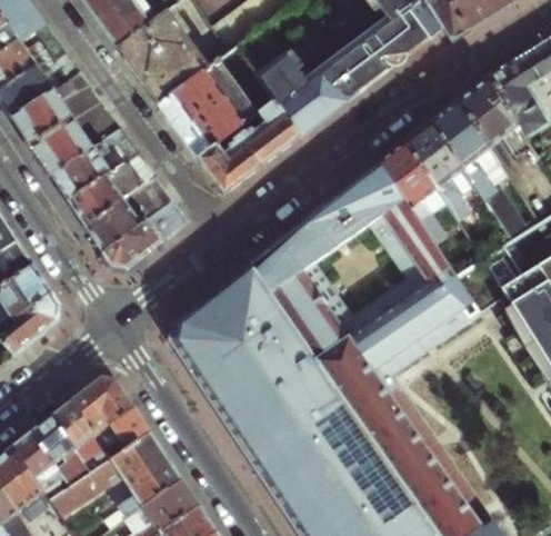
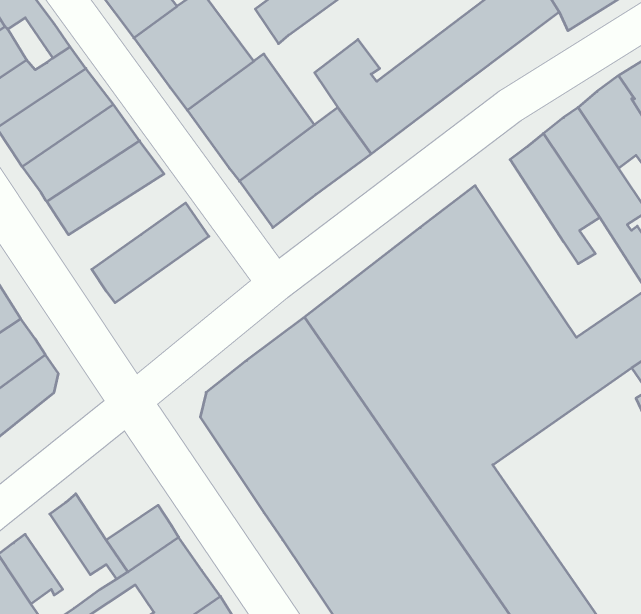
building: [380,140,450,246] -> none
building: [68,151,158,225] -> none
building: [103,199,190,266] -> none
building: [73,374,137,433] -> none
building: [34,413,92,485] -> none

